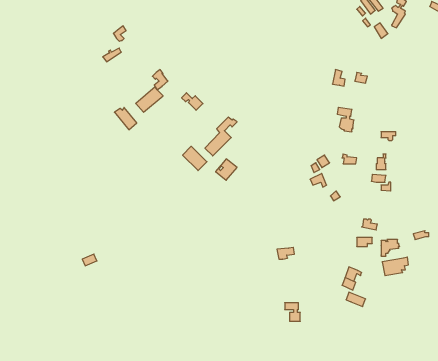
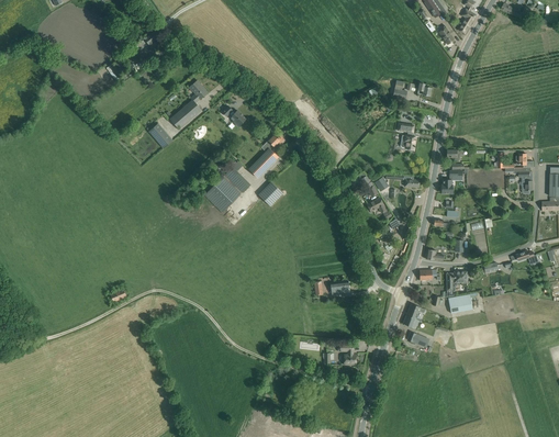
building: none -> [204,177,241,213]

